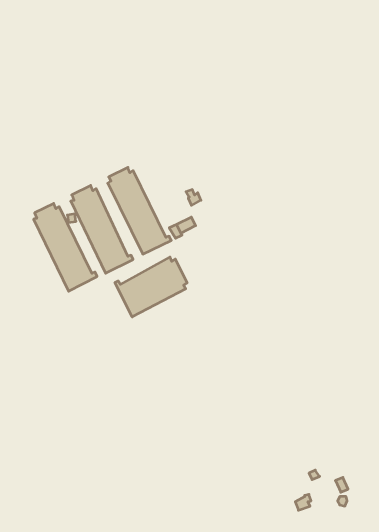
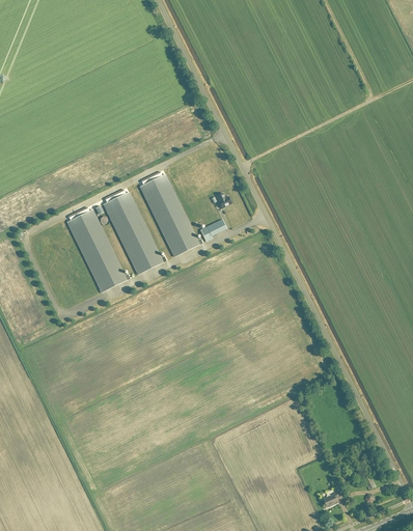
building: [115,257,187,317] -> none

